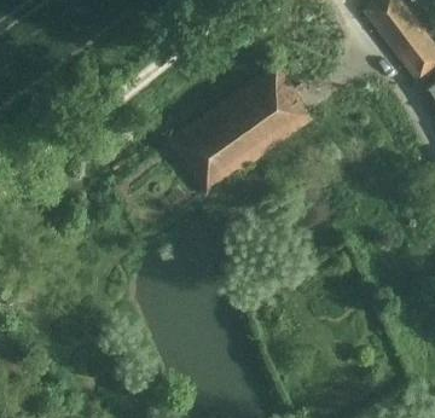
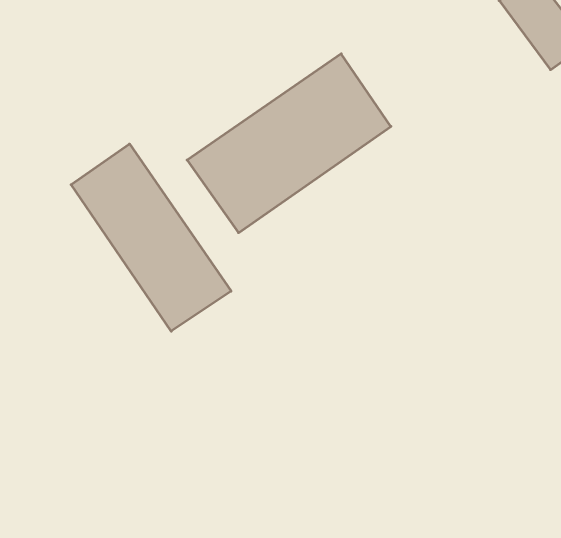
building: none -> [71,144,231,331]

